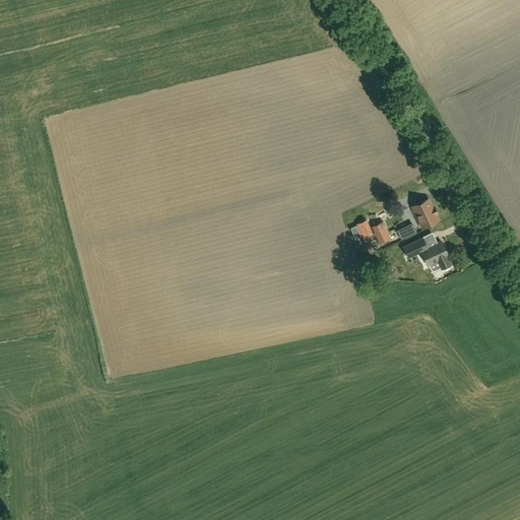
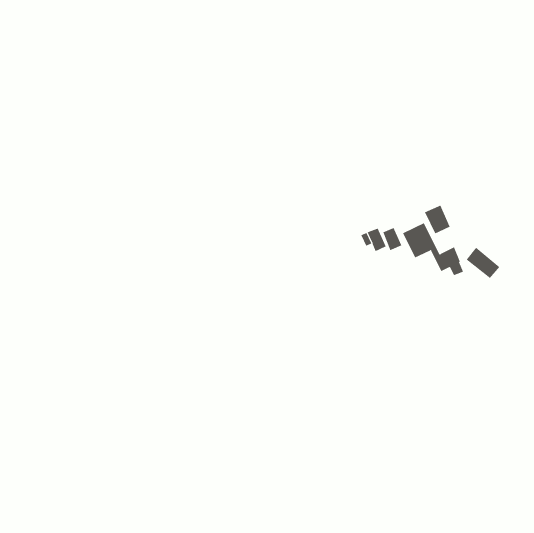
building: none -> [466,247,500,279]

